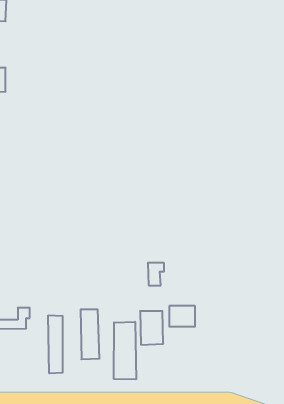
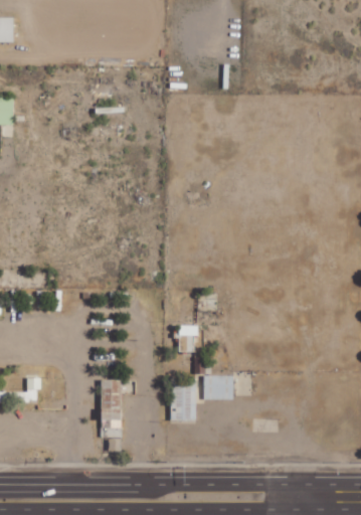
building: [48,315,63,373] -> none
building: [114,322,136,379] -> none

